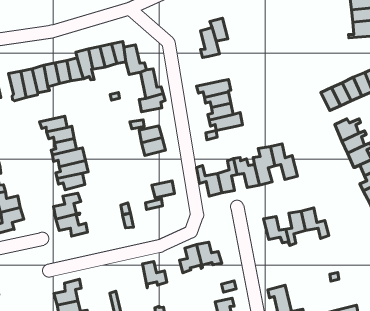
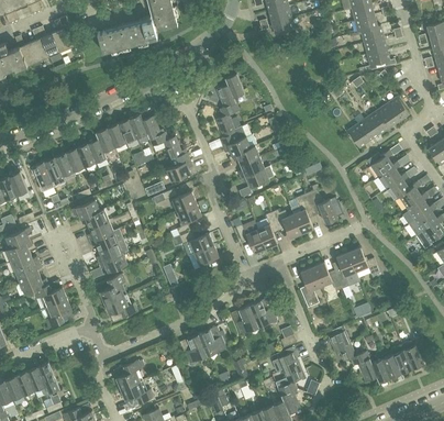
building: none -> [217,114,246,146]
building: none -> [177,224,214,253]
building: none -> [300,267,321,308]
building: none -> [184,333,208,366]

